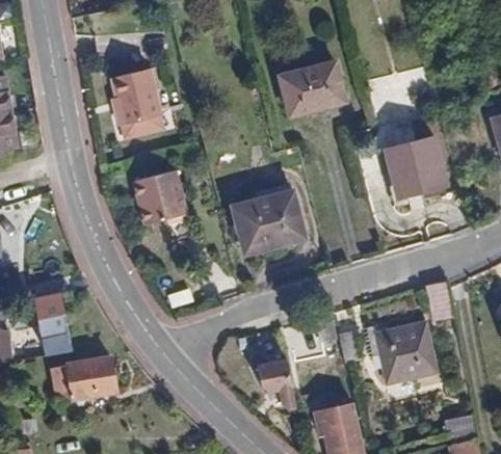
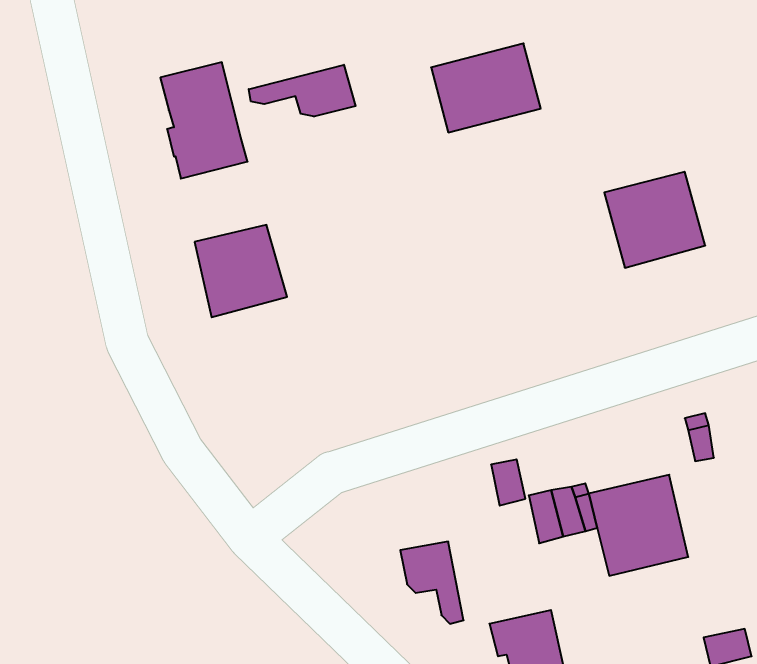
building: none -> [249,65,356,117]
building: [232,189,305,252] -> none
building: [33,293,73,354] -> none
building: [51,356,116,399] -> none

